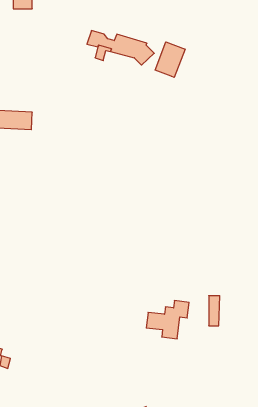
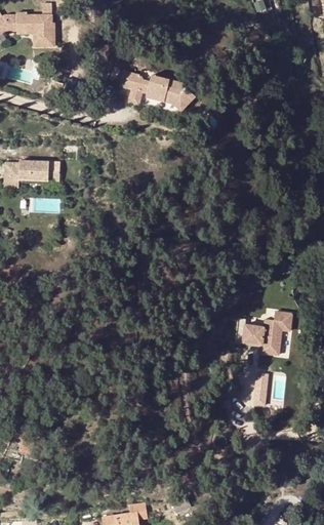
building: [155,42,185,77] -> none
building: [146,301,189,339] -> [243,312,291,355]

